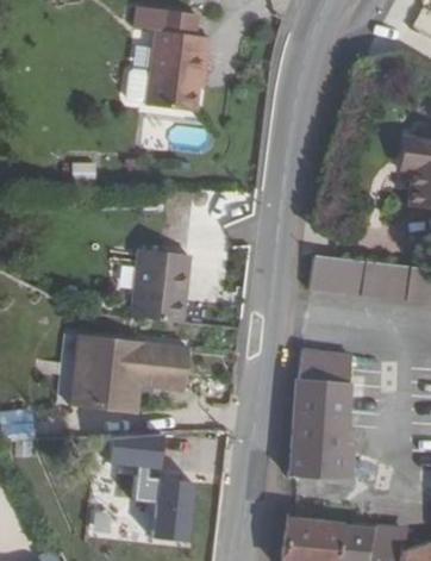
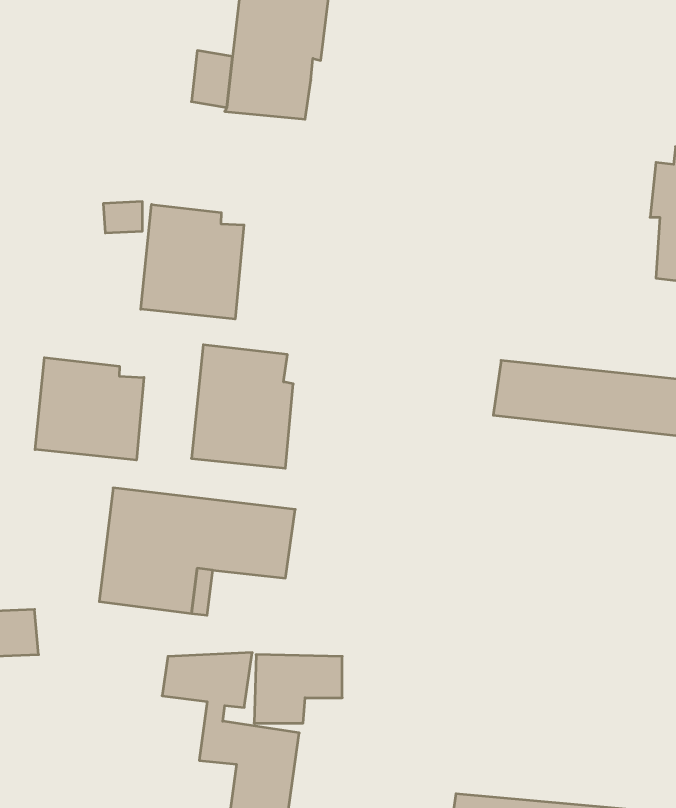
building: none -> [141,204,244,319]
building: none -> [35,358,144,460]
building: [287,349,354,479] -> none

